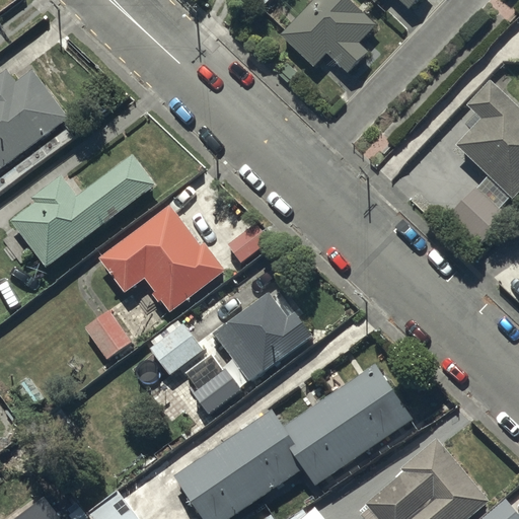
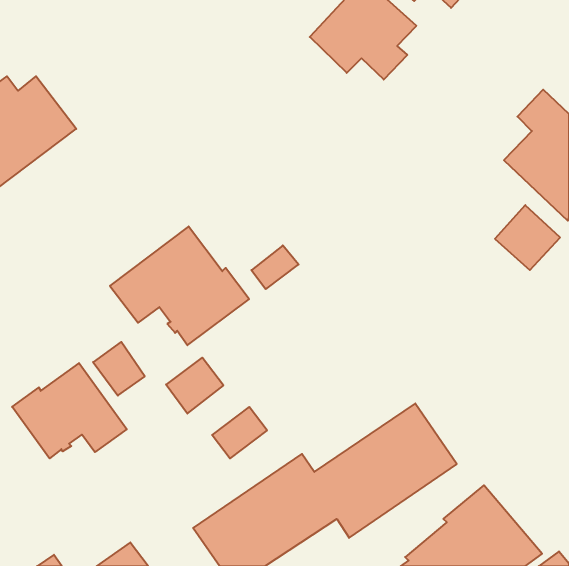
building: [10,154,156,268] -> none
building: [211,292,312,381] -> none
building: none -> [12,363,127,458]

